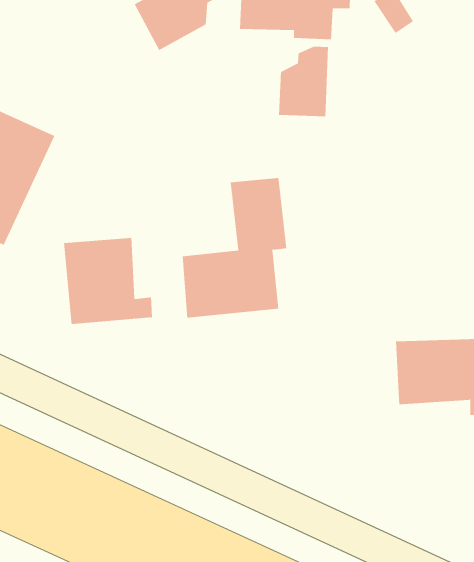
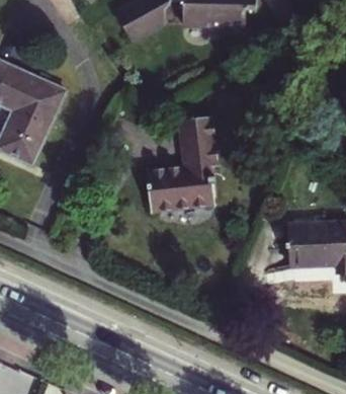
building: [278,46,329,117] -> none
building: [63,237,153,325] -> none

